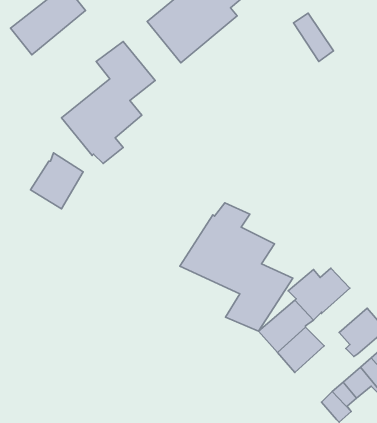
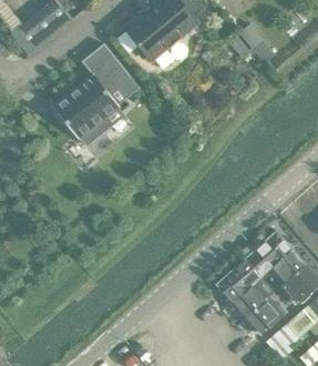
building: [31,153,83,209] -> none
building: [180,203,293,331] -> none
building: none -> [265,248,306,291]
building: none -> [246,296,287,335]

